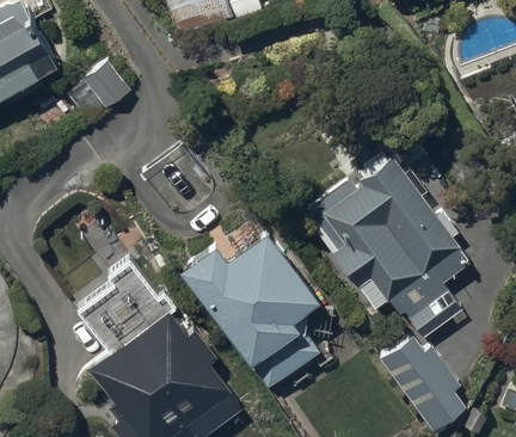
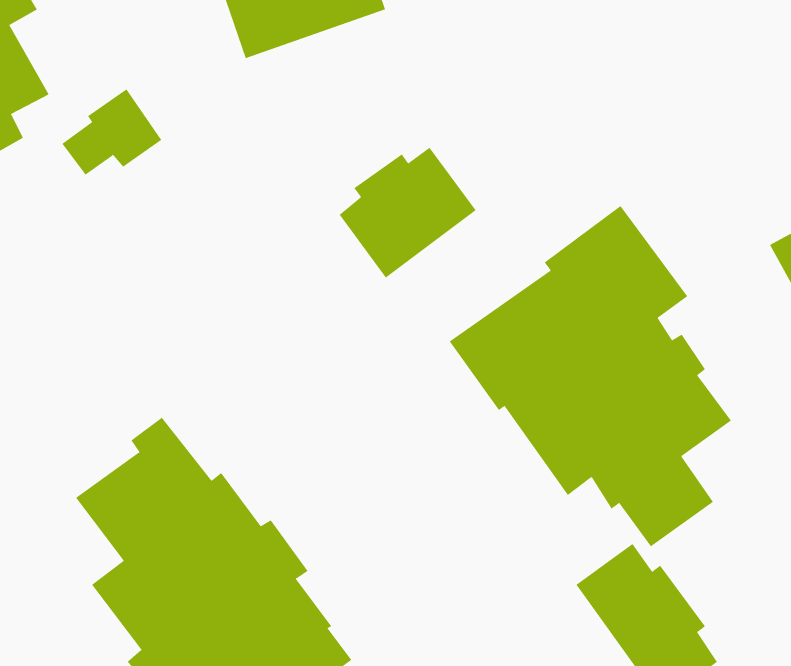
building: none -> [339,147,476,278]
building: [179,216,325,389] -> none

